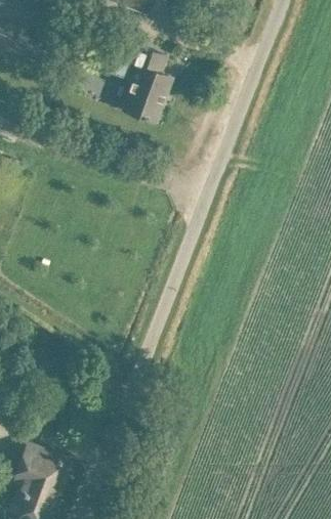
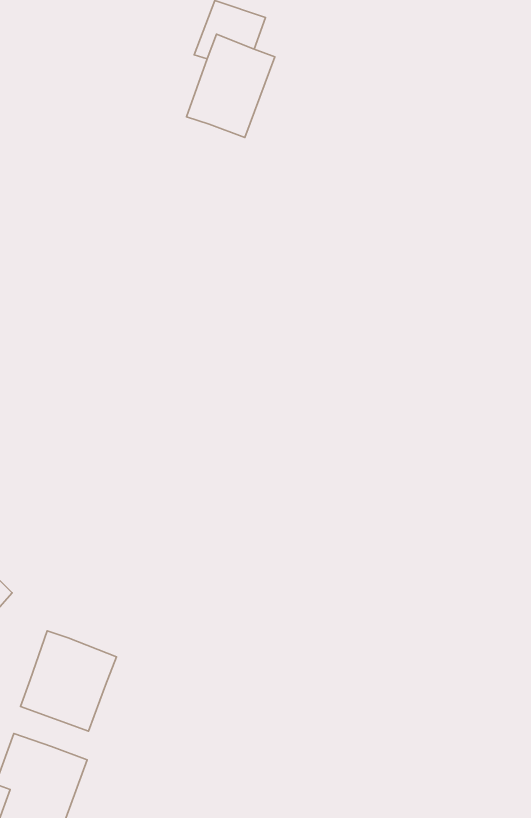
building: none -> [20,631,116,731]

